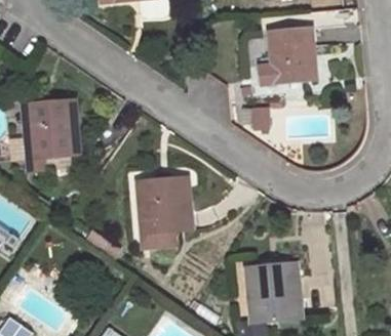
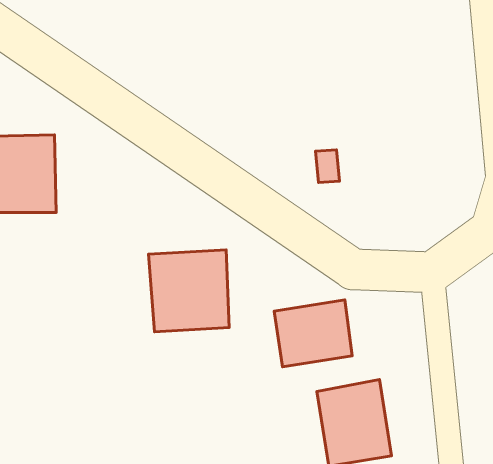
building: [259,27,317,83] -> none
building: none -> [274,300,352,367]

